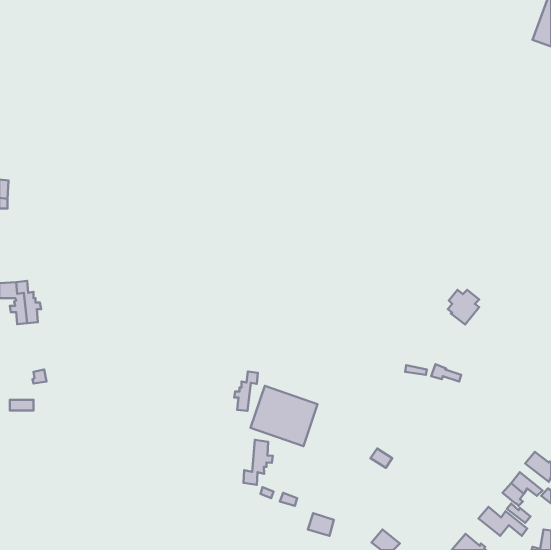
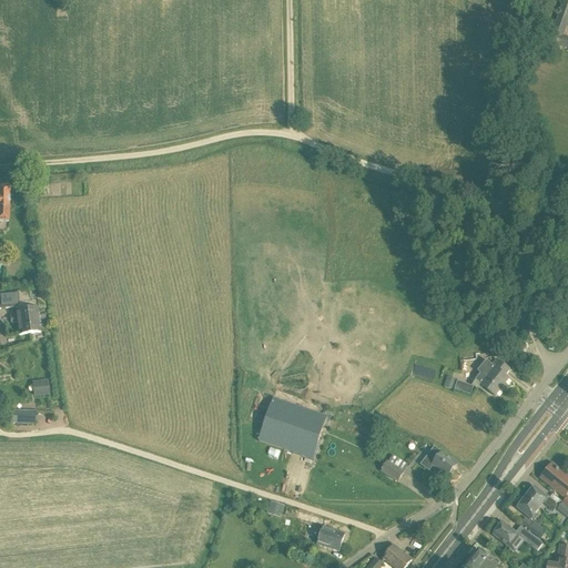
building: [448,290,479,324] -> [476,358,508,394]
building: [234,372,258,411] -> none
building: none -> [419,445,455,475]
building: [243,440,273,485] -> none

